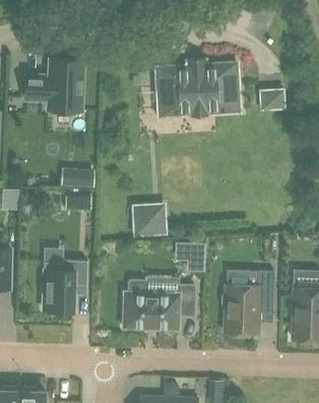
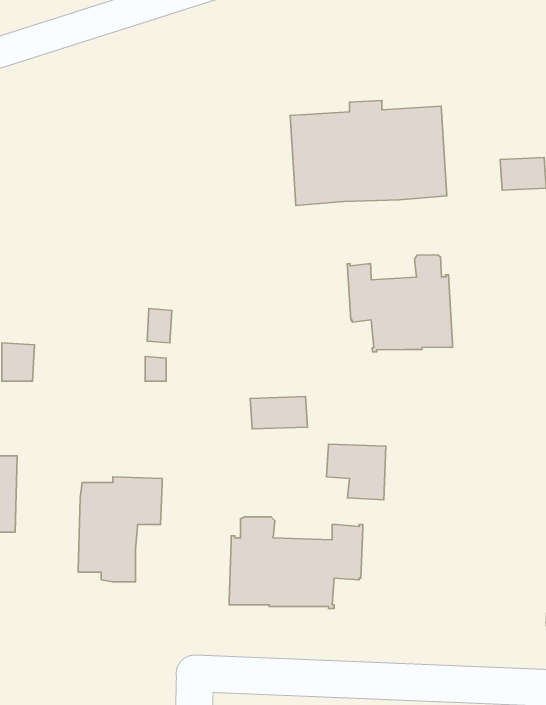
building: [25,59,83,112] -> none
building: none -> [347,255,453,352]
building: [221,271,274,334] -> none

